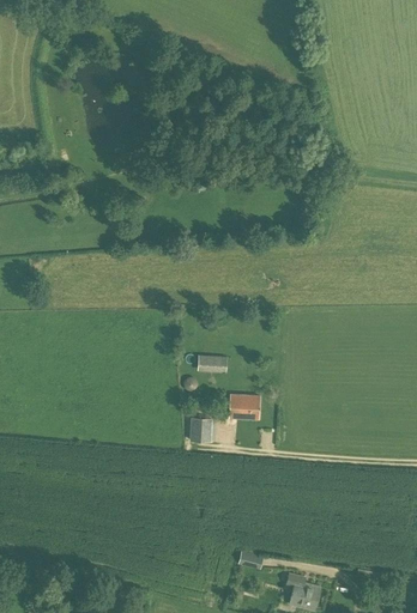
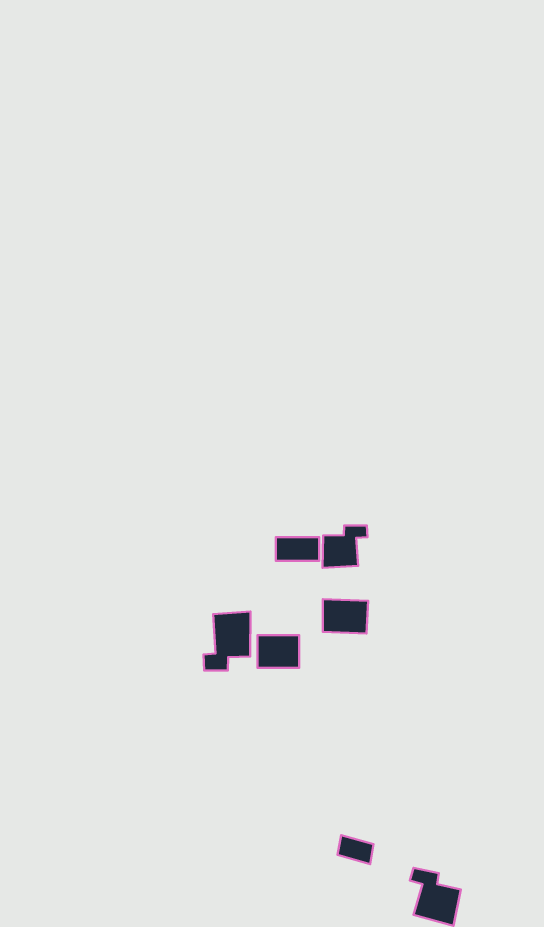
building: none -> [323,525,367,568]
building: none -> [203,612,251,671]

